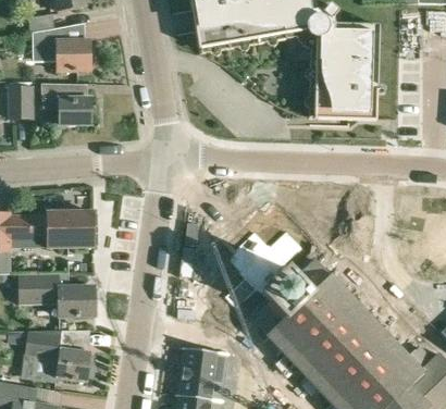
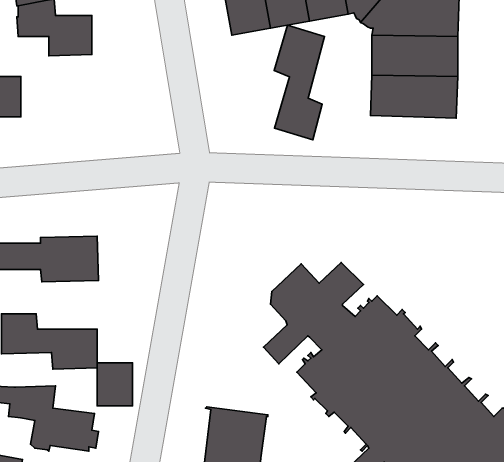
building: none -> [274,25,324,140]
building: [41,82,91,124] -> none
building: none -> [97,363,133,406]

